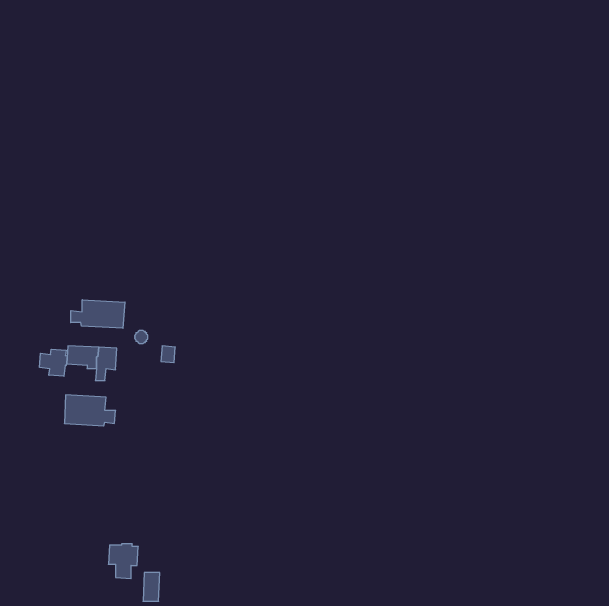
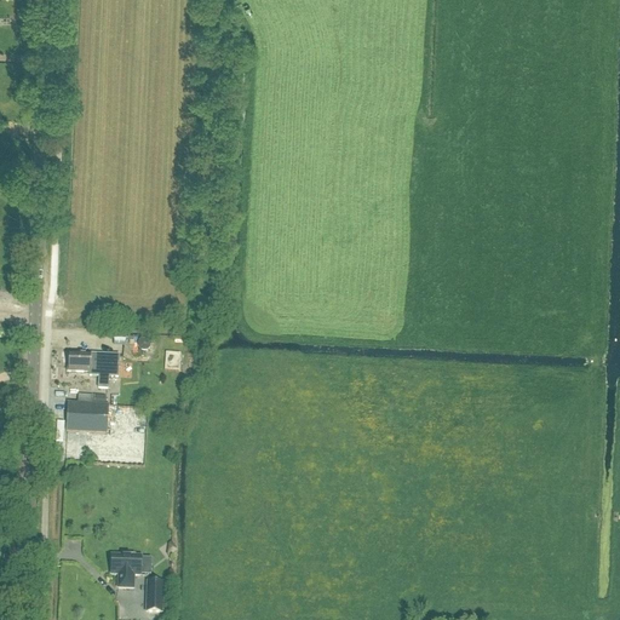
building: [71,300,125,328] -> none
building: [40,349,67,376] -> none

